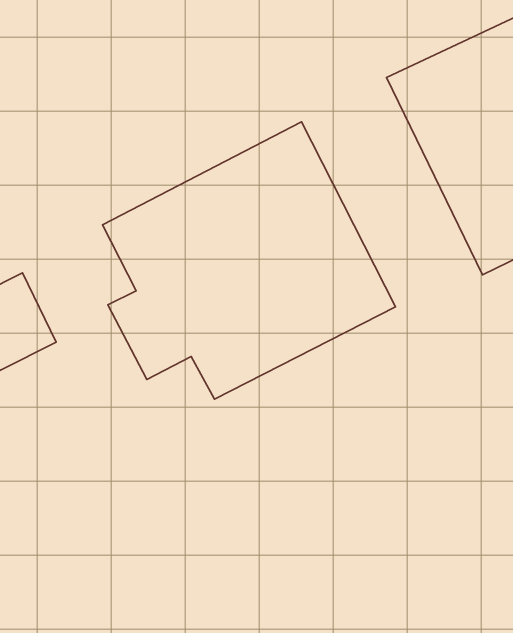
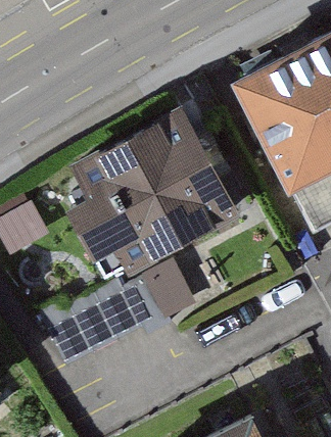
building: none -> [41,261,194,365]

